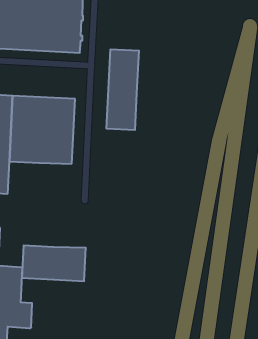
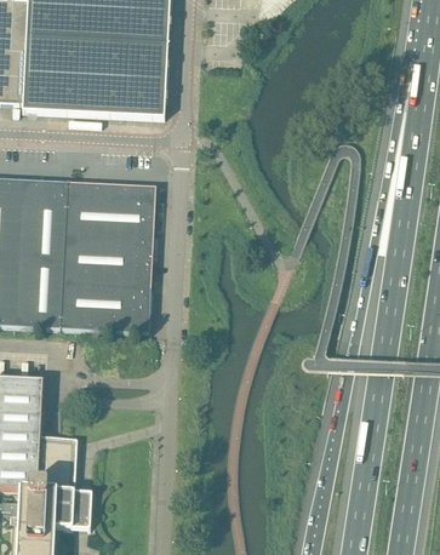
building: [107,49,139,130] -> none
building: [22,245,86,281] -> [55,279,150,332]

